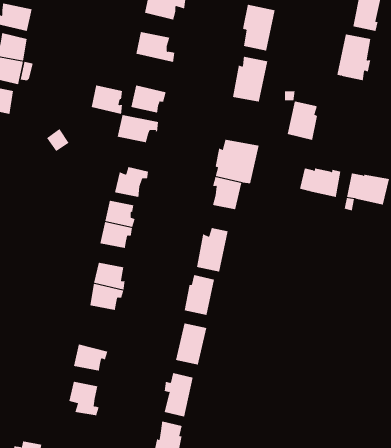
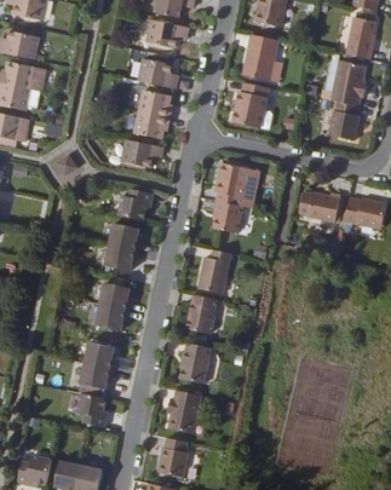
building: [91,85,123,114] -> [139,88,171,117]
building: [287,101,318,141] -> [333,102,363,140]
building: none -> [84,342,114,370]

